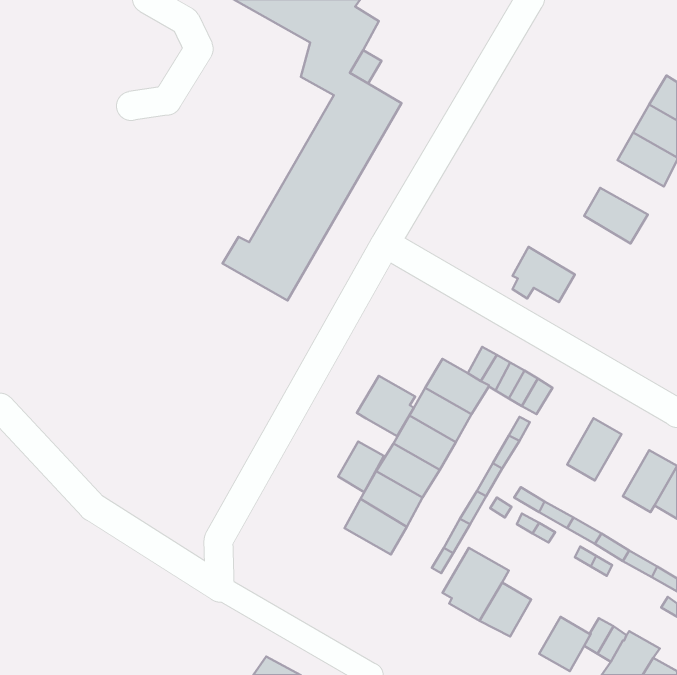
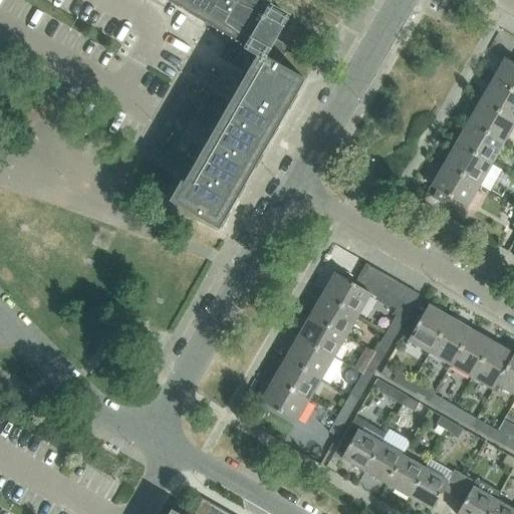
building: none -> [455,121,503,163]
building: [513,247,575,302] -> [431,164,478,206]
building: [357,376,415,436] -> none
building: none -> [408,304,450,352]
building: none -> [451,329,492,376]
building: [338,441,384,492] -> none
building: none -> [387,455,425,496]

